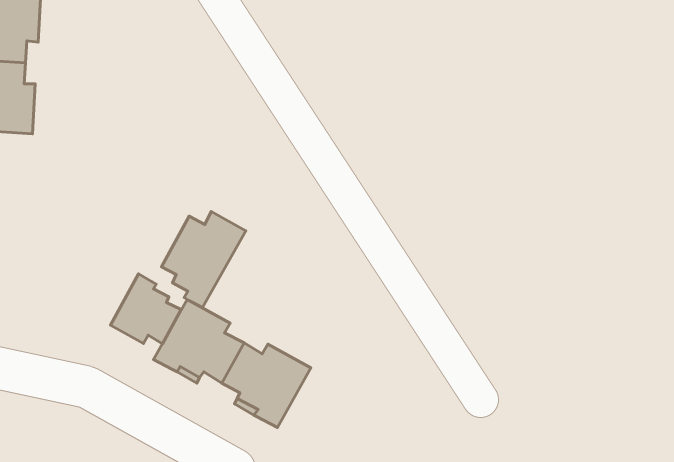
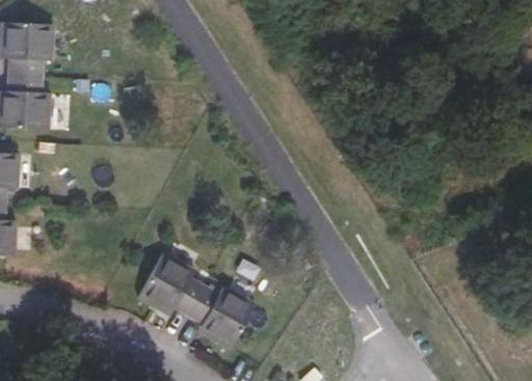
building: [162,212,246,308] -> none
building: [110,274,181,344] -> none

